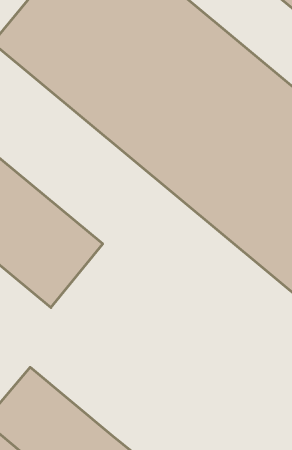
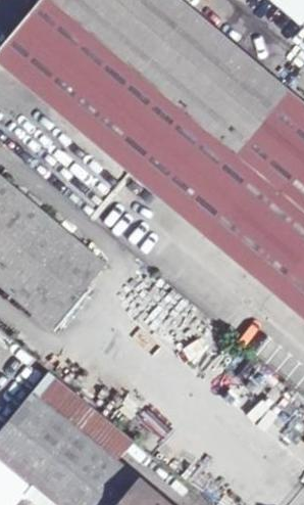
building: none -> [33,371,133,461]

